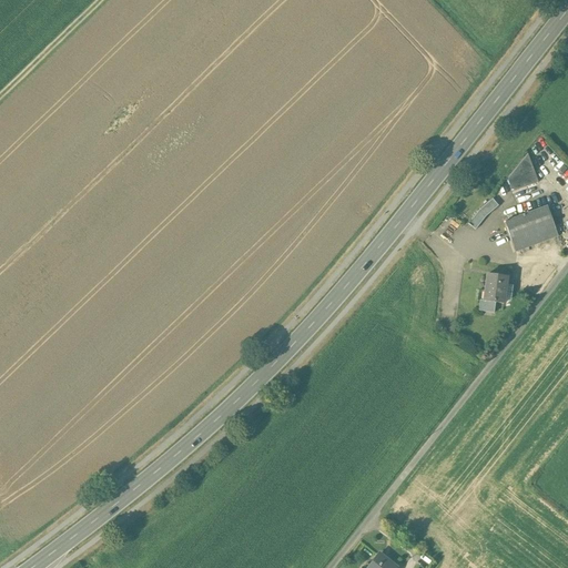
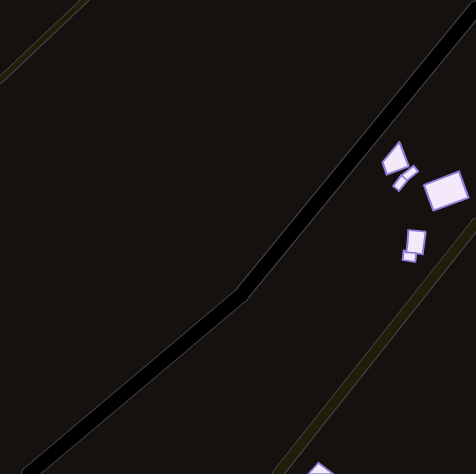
building: [508,152,539,191] -> [383,142,409,175]

